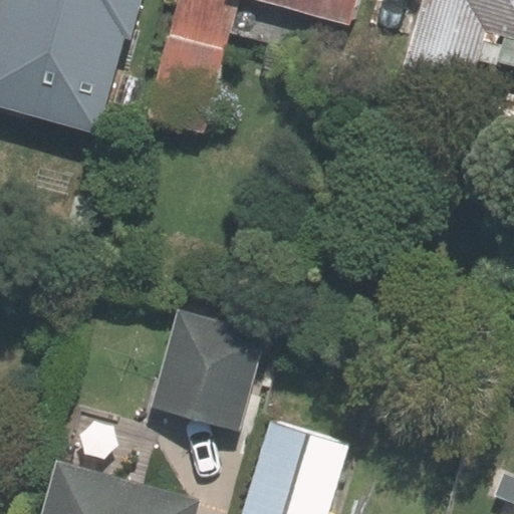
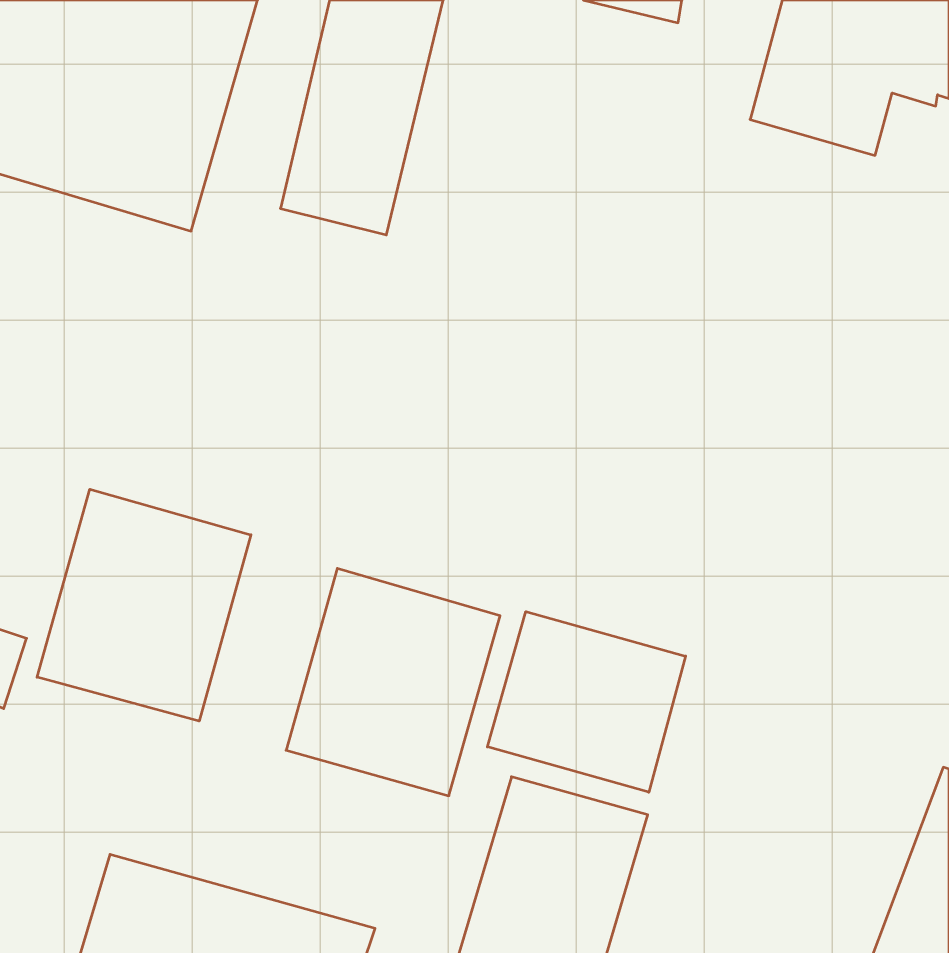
building: none -> [37,489,251,721]
building: none -> [487,612,686,792]

